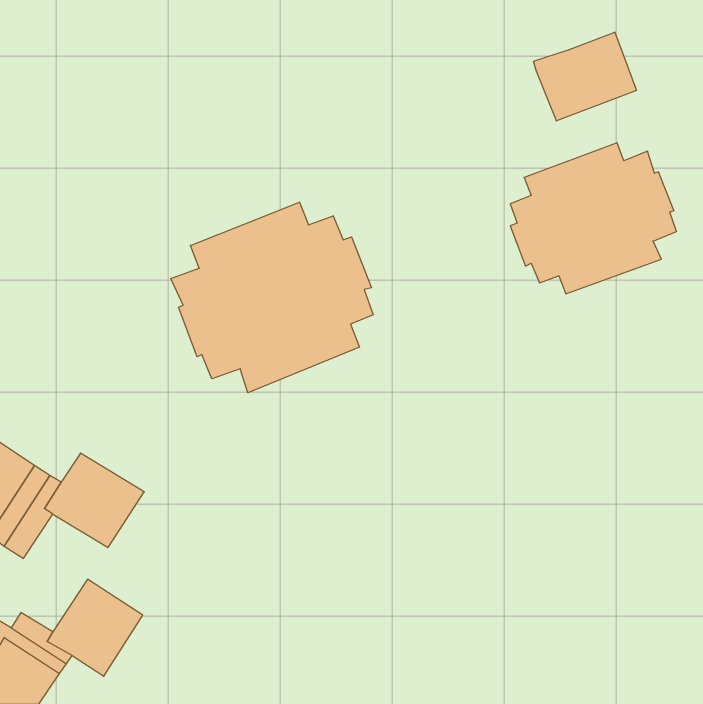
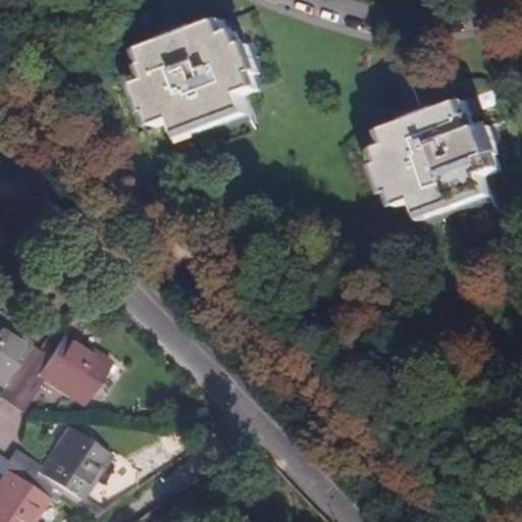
building: [534,32,636,121] -> none
building: none -> [135,24,257,137]
building: [171,202,373,393] -> none

